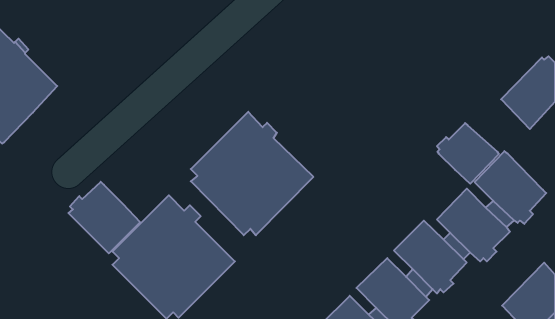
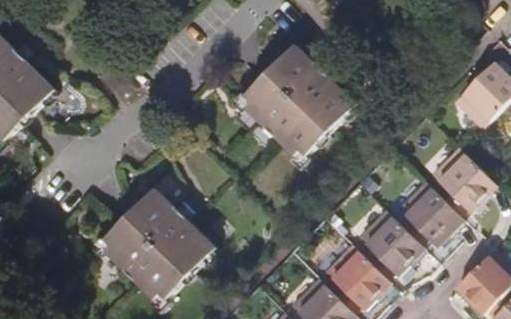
building: [191,112,313,235] -> [244,43,355,155]
building: [437,123,499,184] -> none
building: [68,182,140,253] -> none

